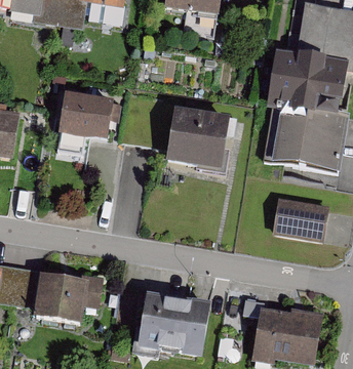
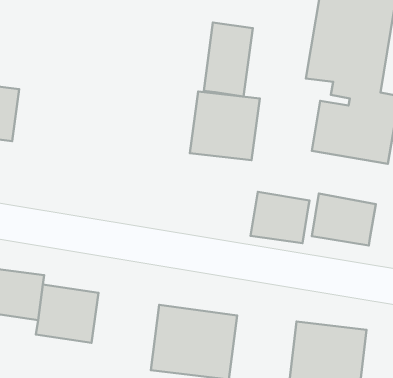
building: none -> [204,23,253,97]
building: [60,92,112,137] -> none
building: none -> [250,192,309,243]

